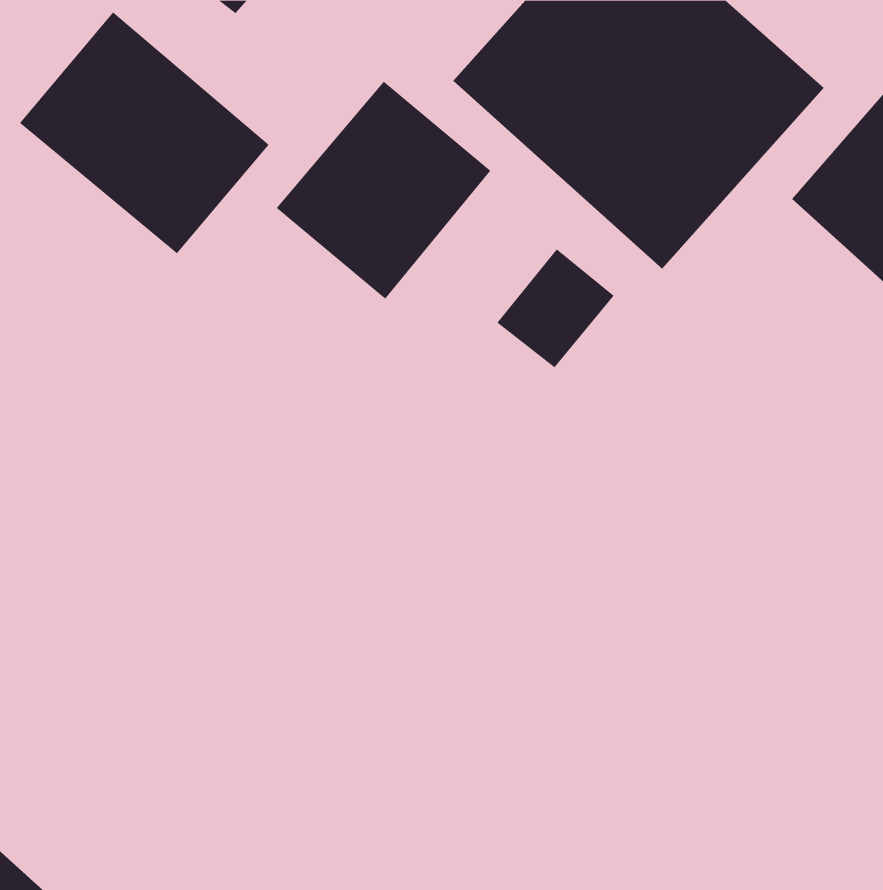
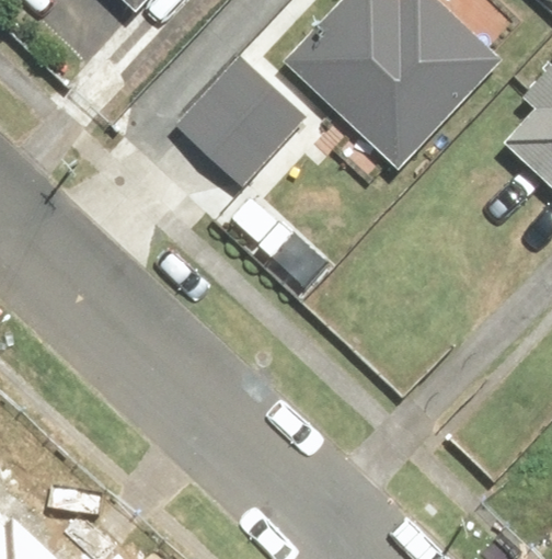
building: [19,11,269,254] -> none

